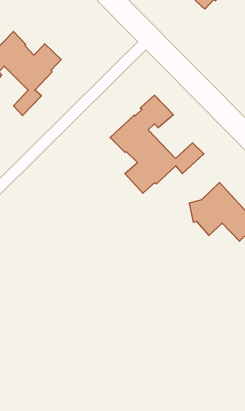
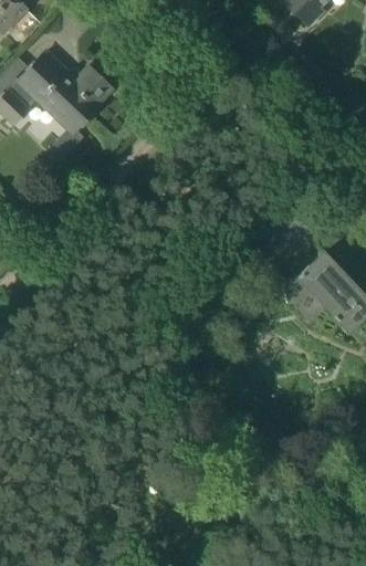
building: [110,95,204,193] -> none

